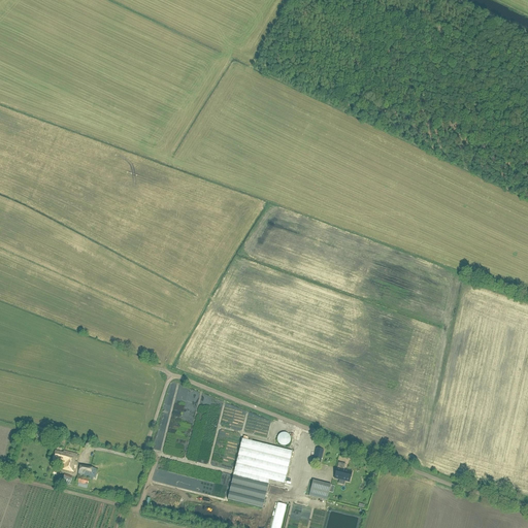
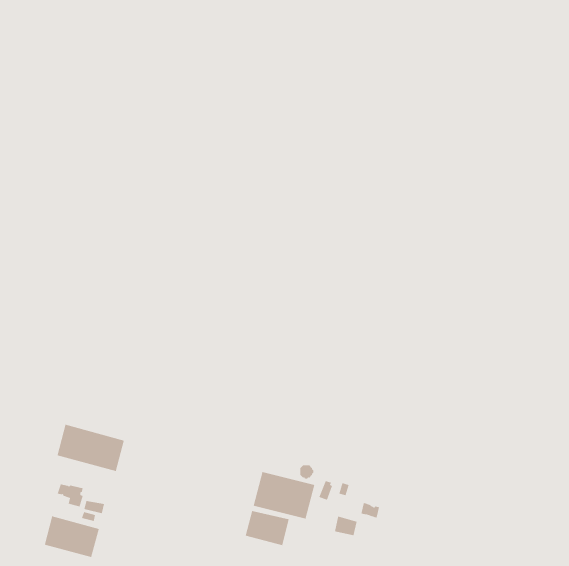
building: none -> [57,424,125,472]
building: none -> [44,516,99,558]

